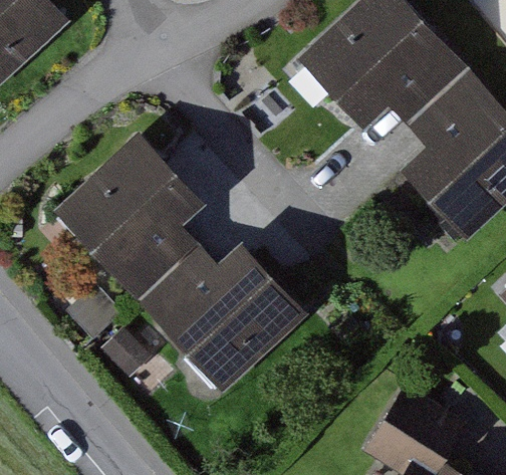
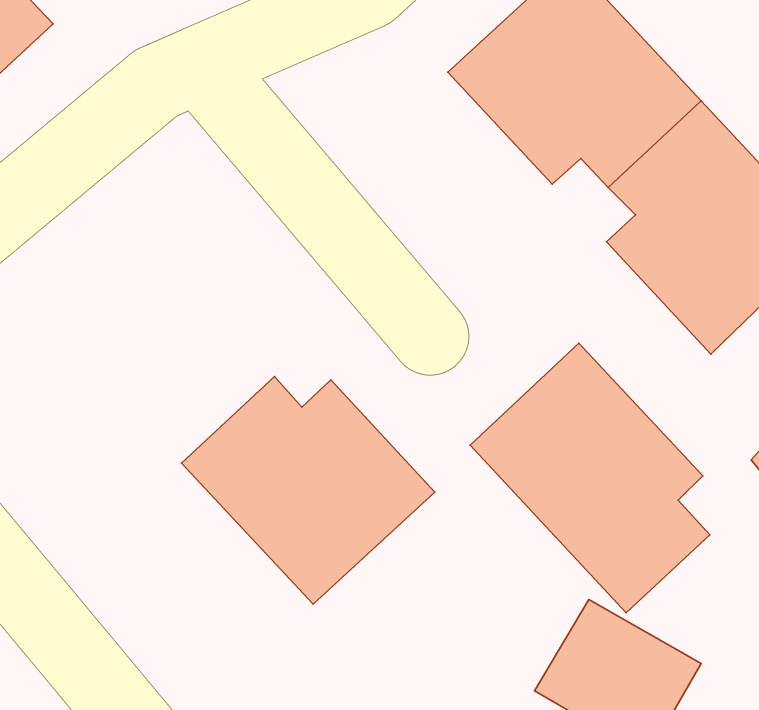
building: [59,142,202,300] -> none
building: none -> [470,343,710,613]

